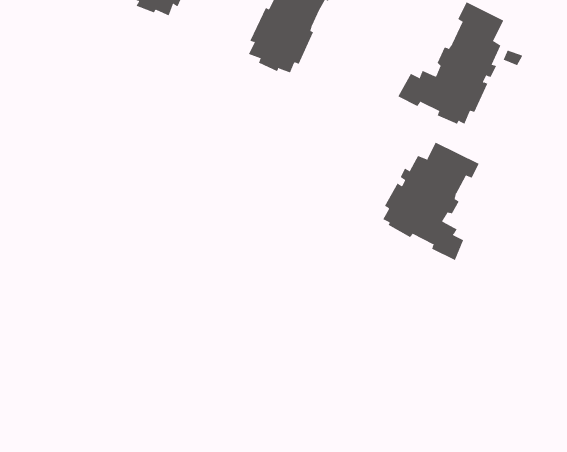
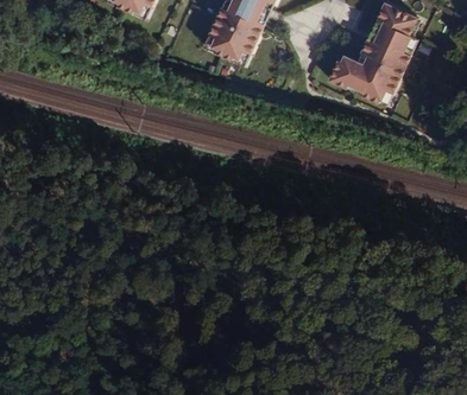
building: [382,142,479,261] -> none

